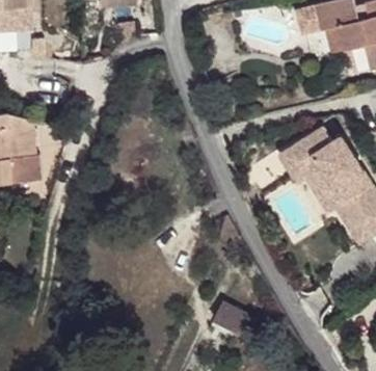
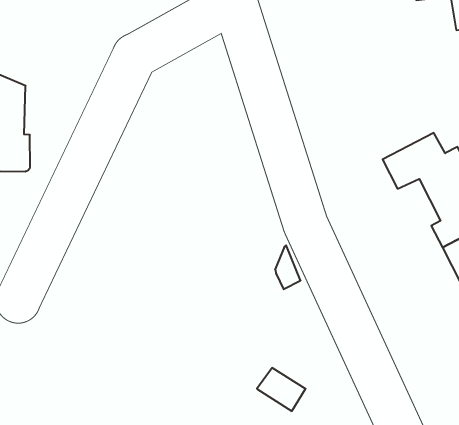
building: [278,150,335,213] -> none

